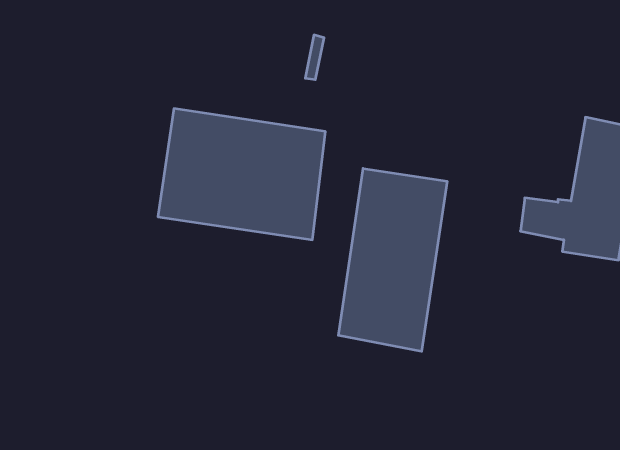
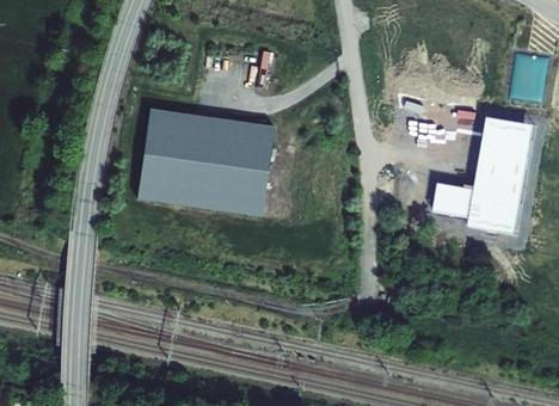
building: [338,168,447,351] -> none

